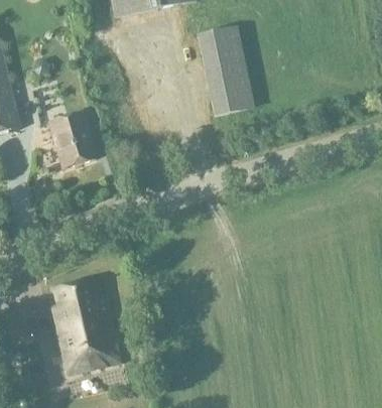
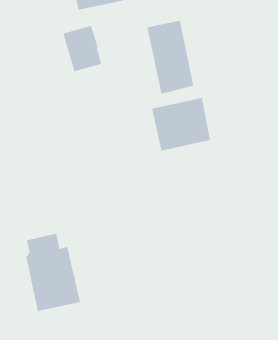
building: [49,111,96,166] -> [63,25,102,72]
building: none -> [151,97,210,152]

